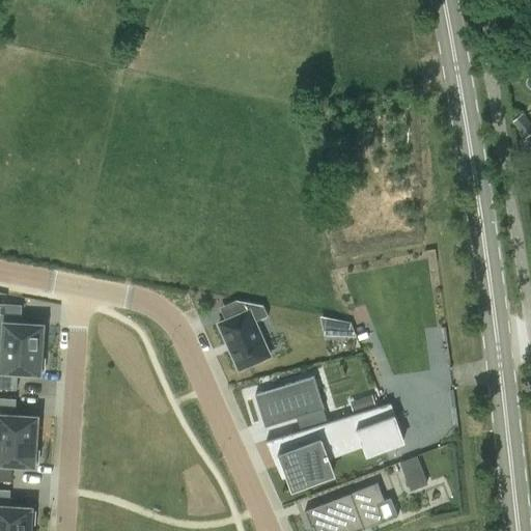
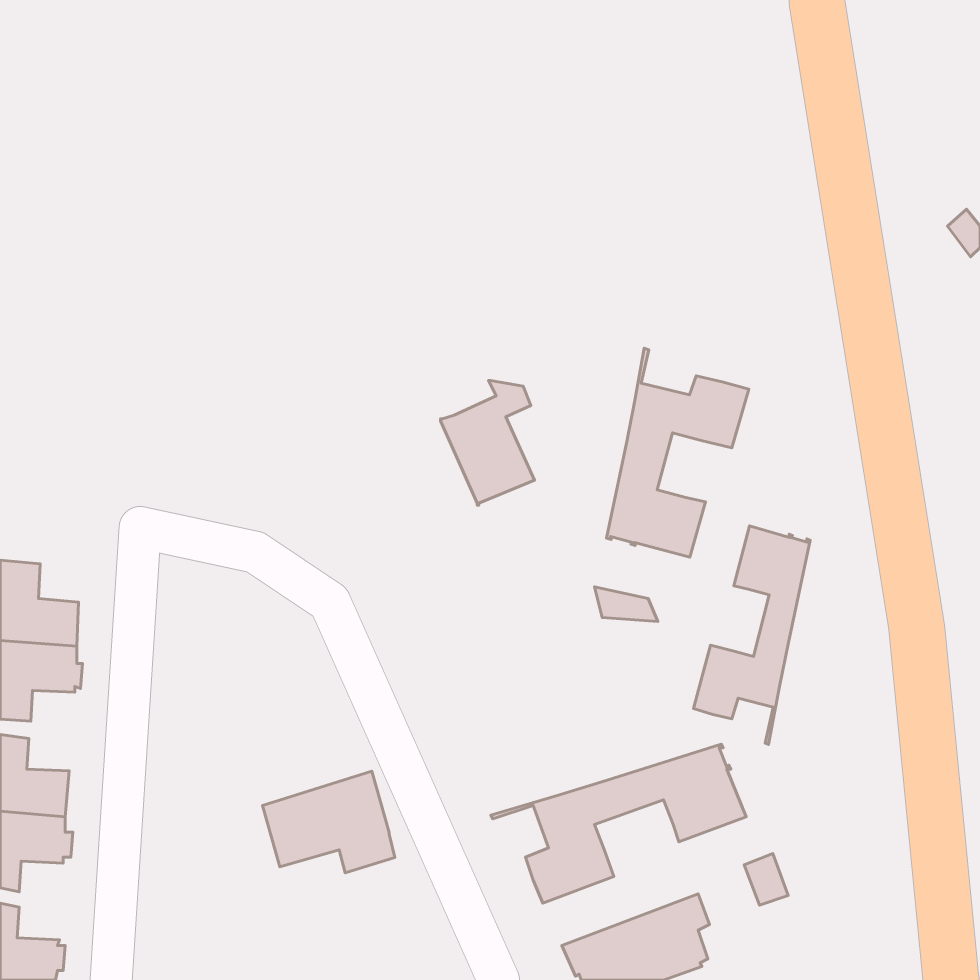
building: none -> [607,348,749,557]
building: none -> [693,526,810,744]
building: [219,303,270,370] -> [441,380,535,505]
building: [255,375,327,430] -> [263,771,395,873]

